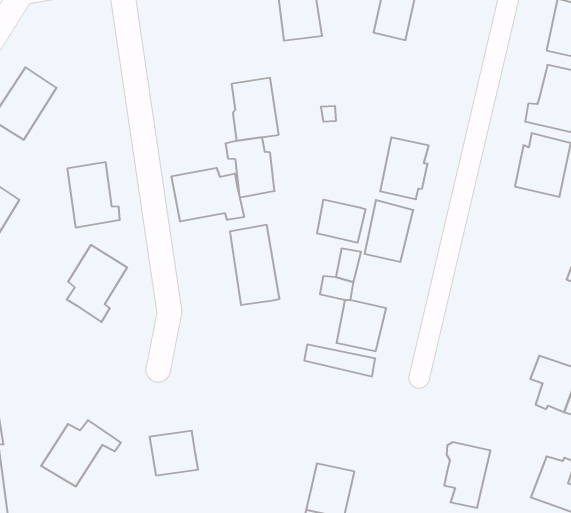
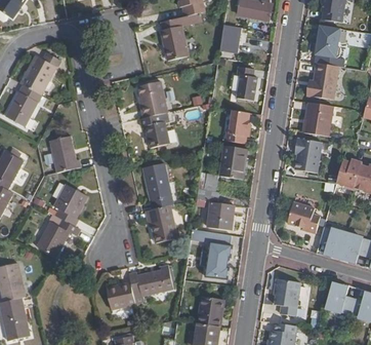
building: none -> [19,52,60,95]
building: none -> [237,66,257,101]
building: [172,168,244,222] -> none
building: none -> [294,138,321,172]
building: [317,200,366,243] -> none
building: none -> [143,206,178,243]
building: none -> [288,202,319,232]
building: none -> [202,253,228,285]
building: none -> [129,266,174,299]
building: [41,420,121,487] -> [36,218,80,256]

